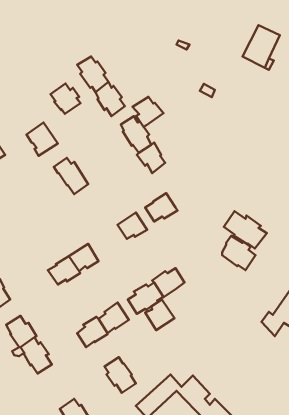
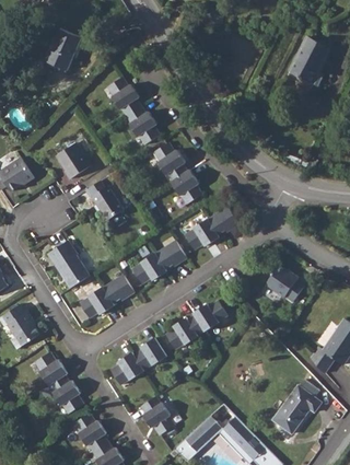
building: none -> [45,28,81,70]
building: [50,83,81,114] -> none
building: [133,97,164,127] -> none
building: none -> [207,206,238,234]
building: [224,211,267,249] -> none
building: none -> [47,240,89,288]
building: none -> [131,253,166,283]
building: [145,300,175,330] -> none
building: none -> [271,385,320,433]
building: none -> [73,412,107,452]

